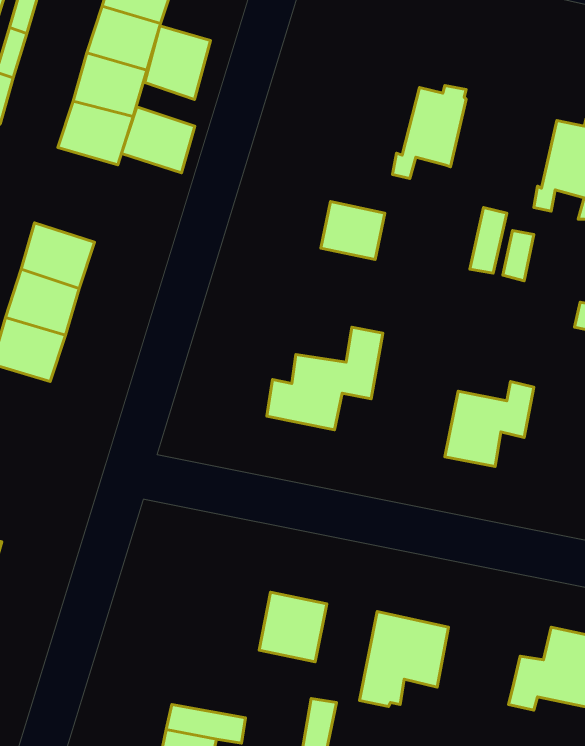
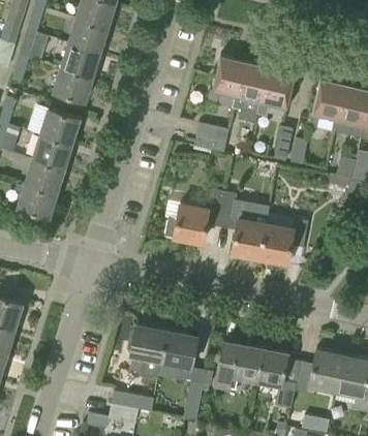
building: [145,26,211,99] -> none
building: none -> [207,55,246,105]
building: none -> [256,67,296,117]
building: [121,107,195,173] -> [40,110,80,145]
building: none -> [220,193,269,259]
building: none -> [129,325,166,381]
building: none -> [255,350,300,408]

